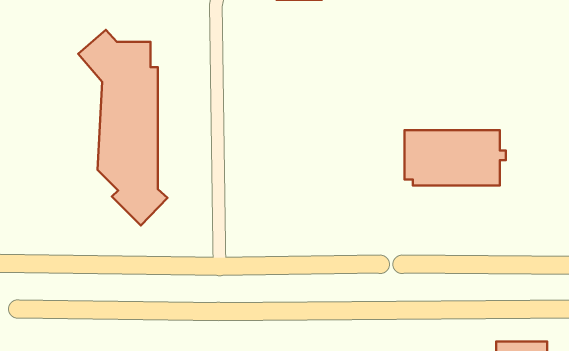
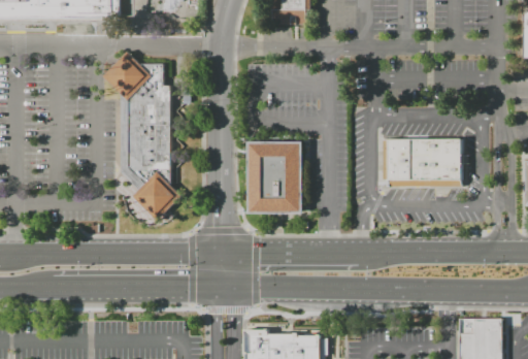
building: none -> [248,141,303,214]

